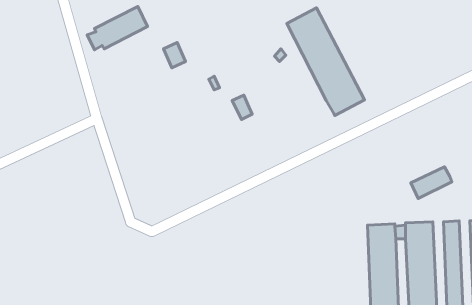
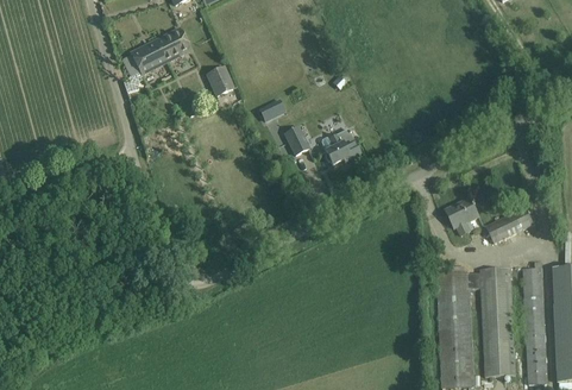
building: [287,8,364,116] -> none
building: none -> [321,128,360,163]
building: none -> [444,199,479,235]

